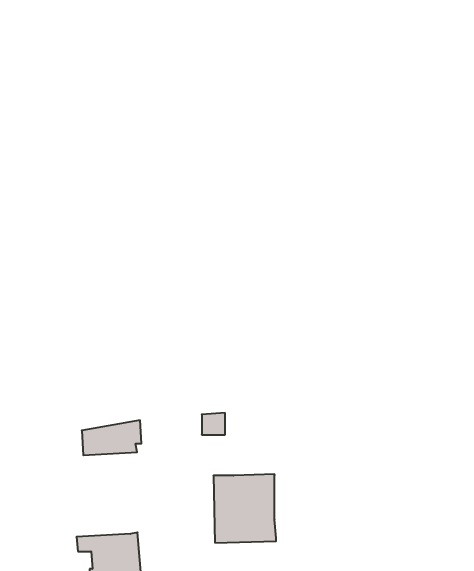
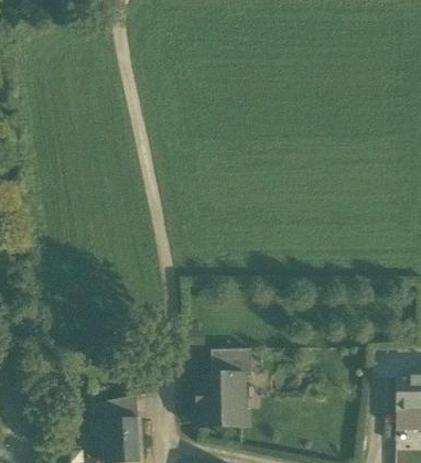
building: [82,420,141,455] -> [93,396,138,422]
building: none -> [212,348,252,376]

